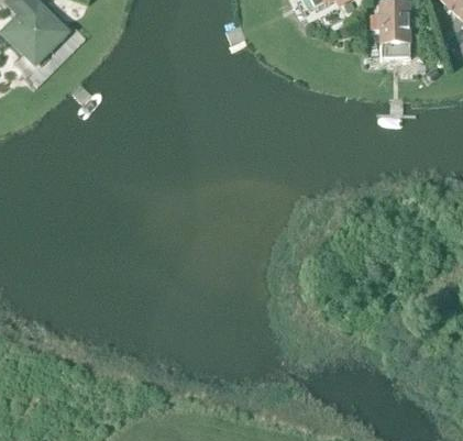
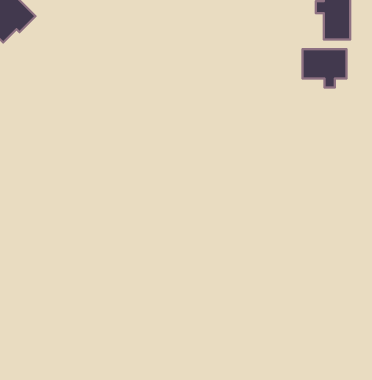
building: none -> [303,49,347,87]

